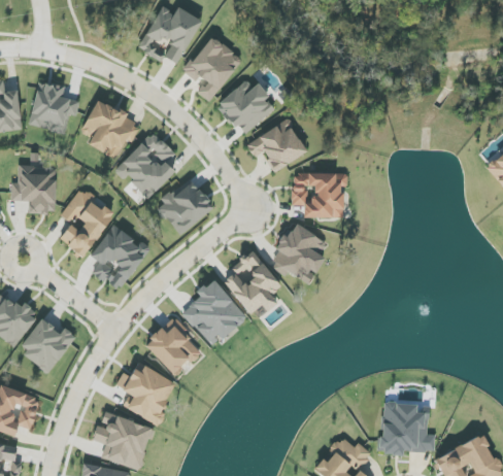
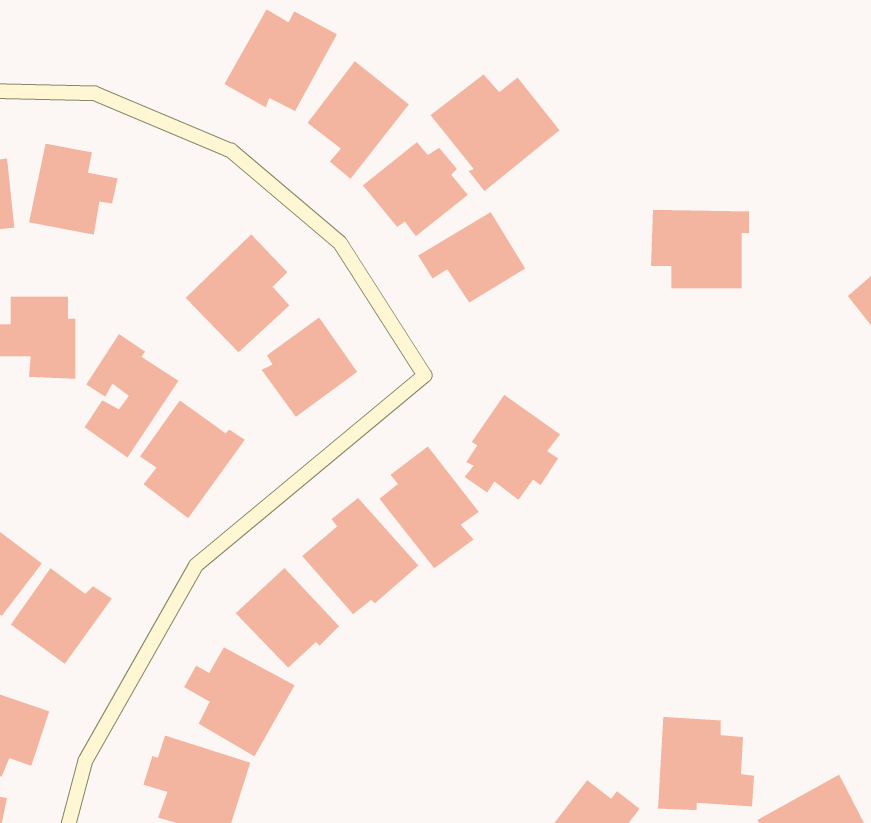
building: none -> [430,73,561,192]
building: [80,100,142,159] -> none
building: [292,173,347,217] -> [650,209,750,289]

